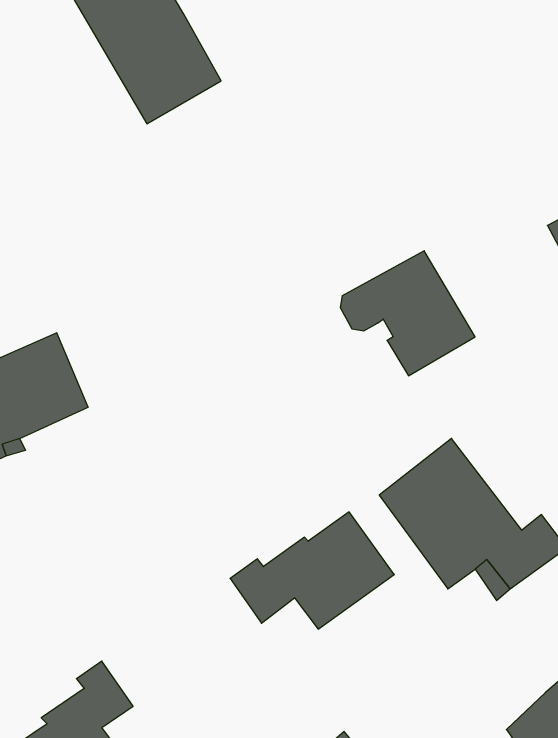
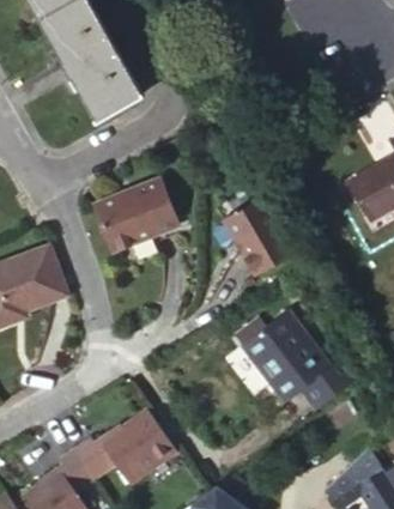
building: none -> [90,174,175,248]
building: [230,512,394,629] -> [74,408,175,480]

